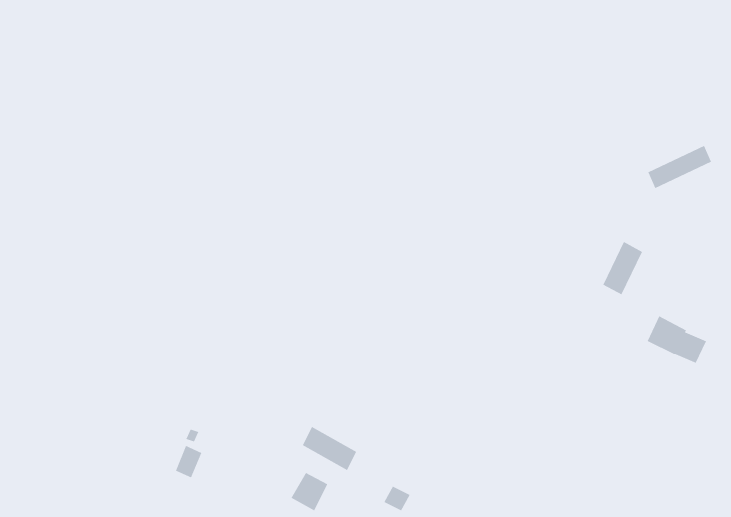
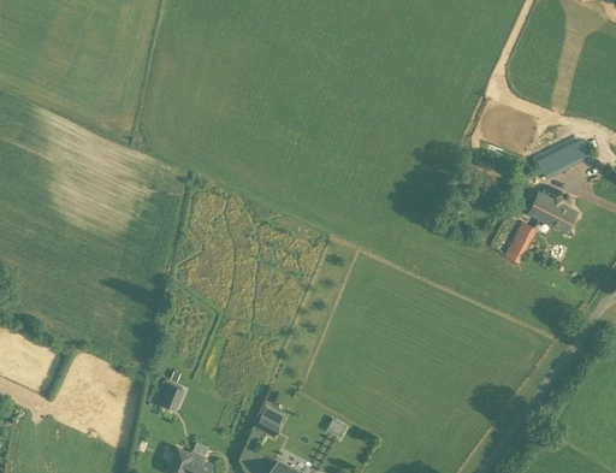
building: [647,316,707,364] -> [527,190,575,229]
building: [302,426,357,471] -> none

